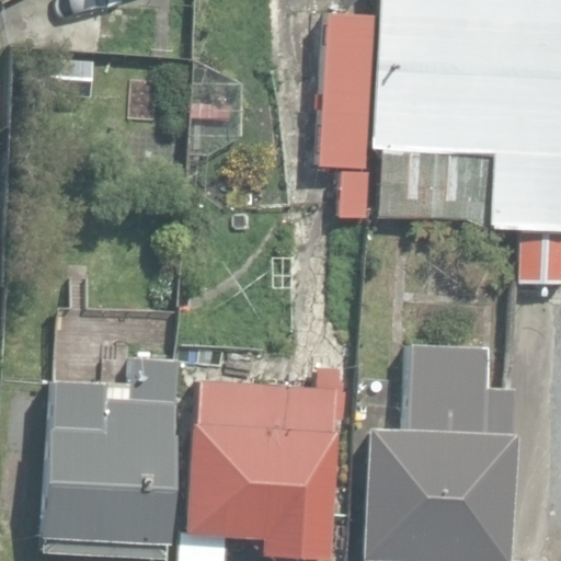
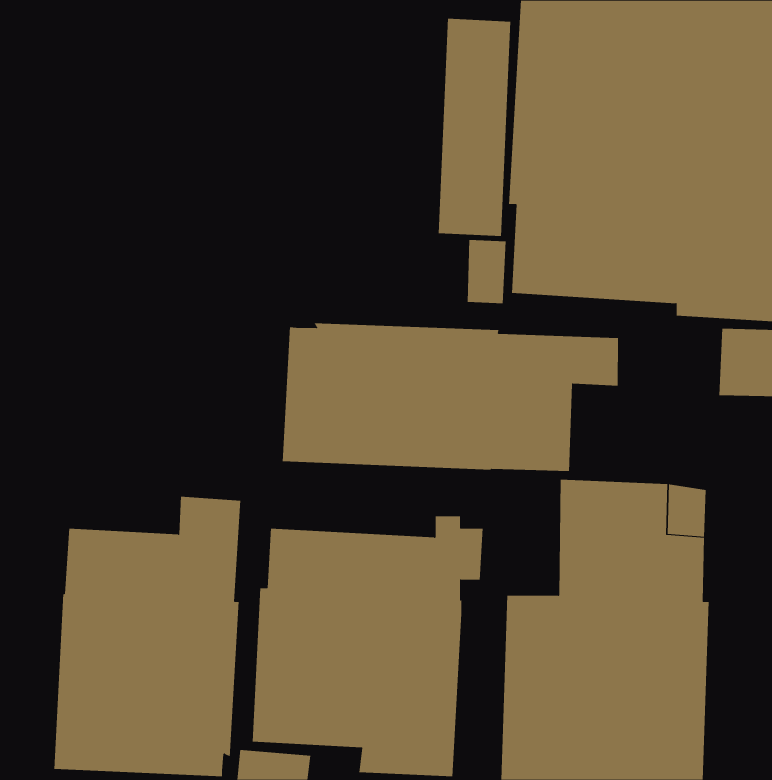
building: none -> [282,322,618,472]

